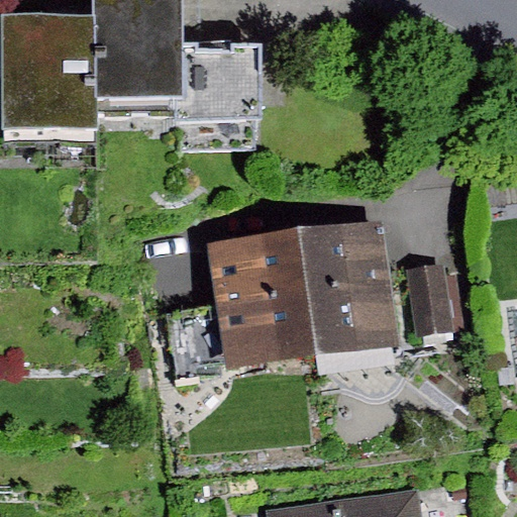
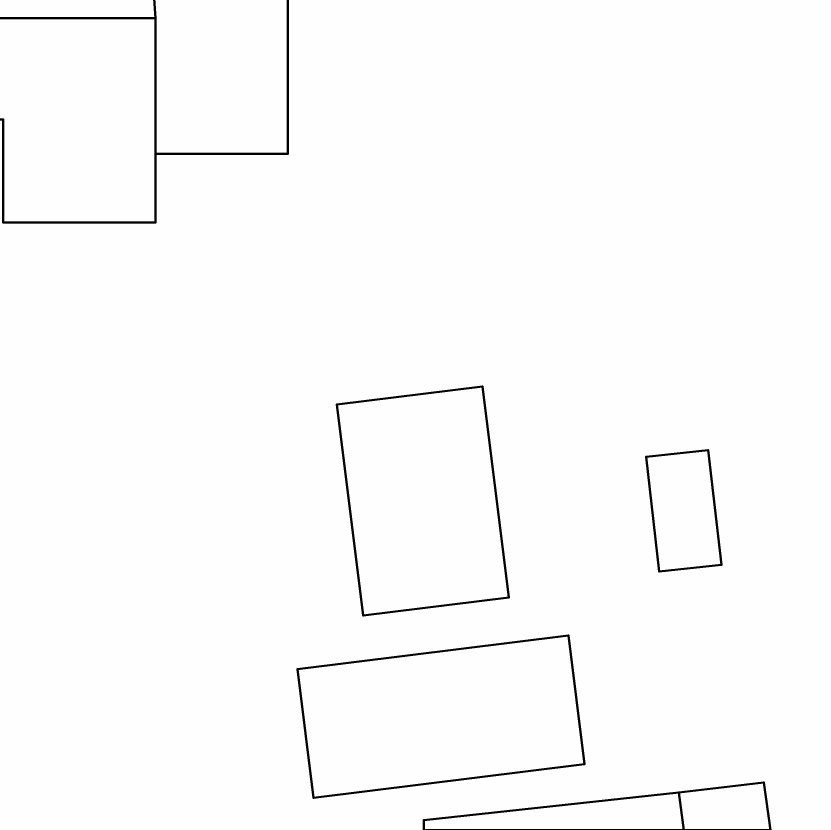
building: [178,39,261,114] -> none
building: [298,228,399,369] -> none
building: none -> [297,635,584,798]

